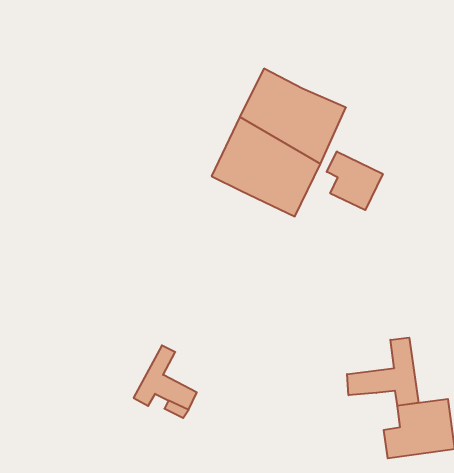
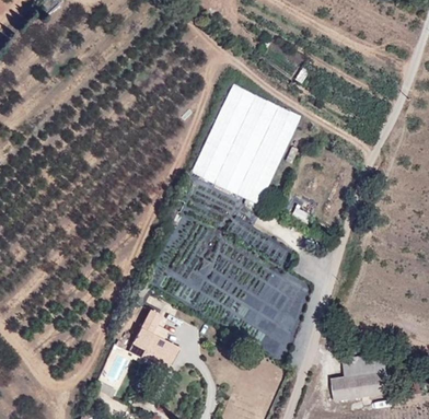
building: [327,151,383,210] -> none
building: [347,338,418,406] -> none

